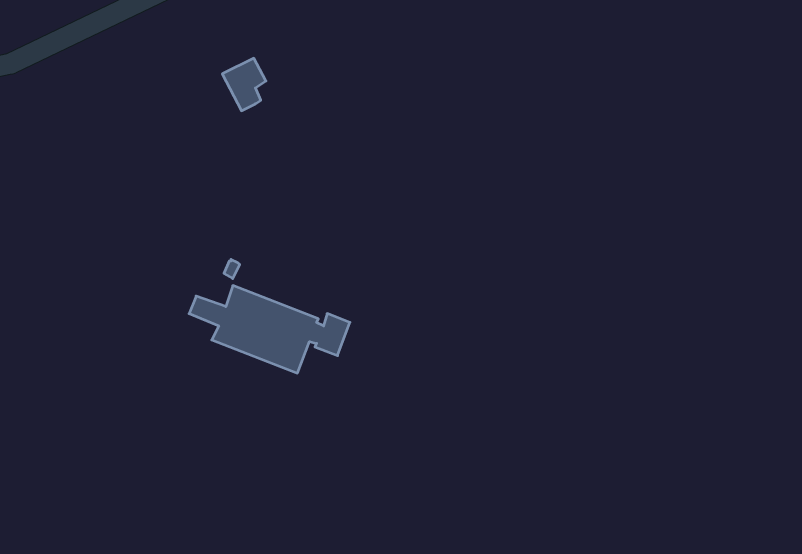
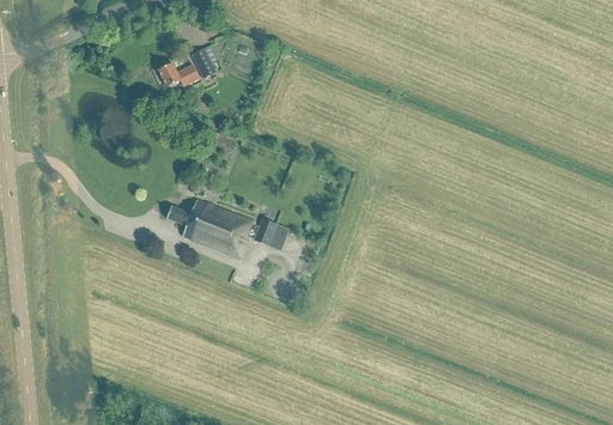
building: none -> [158,61,200,86]

